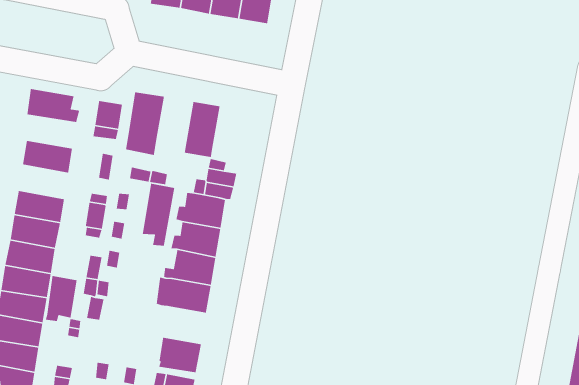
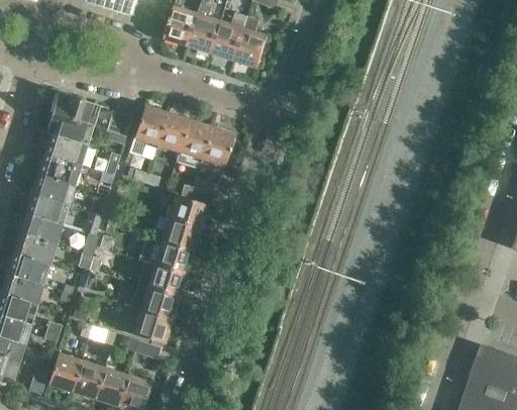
building: none -> [156,114,189,153]
building: none -> [200,128,232,166]
building: none -> [44,114,92,146]
building: none -> [36,155,80,187]
building: [142,183,175,246] -> none
building: [45,275,78,322] -> none
building: none -> [133,286,177,320]

